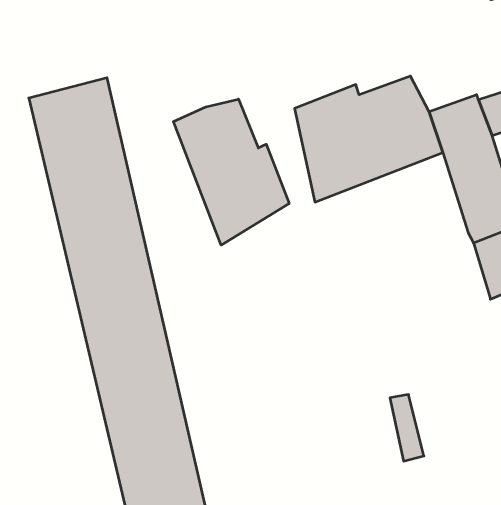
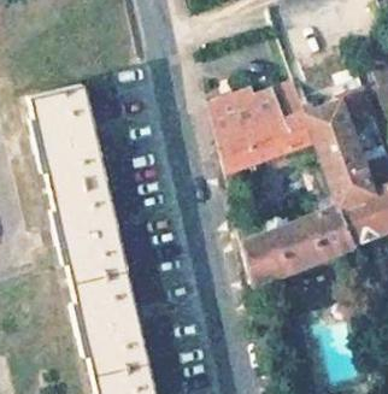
building: [173,99,289,245] -> none
building: none -> [243,196,354,284]

